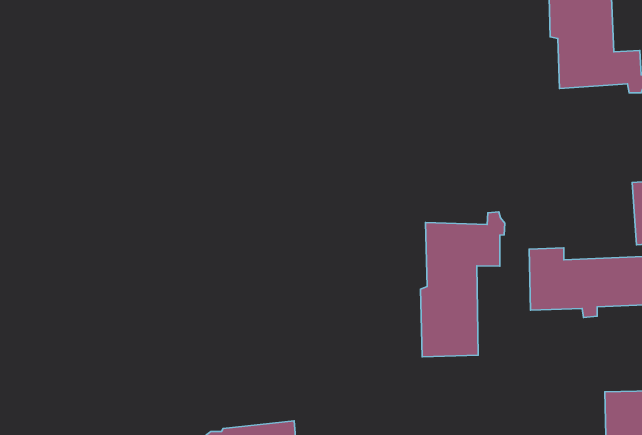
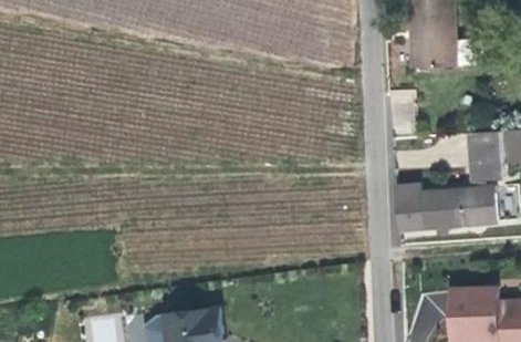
building: [420,212,505,357] -> none

